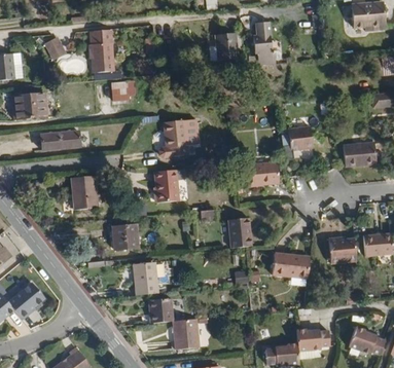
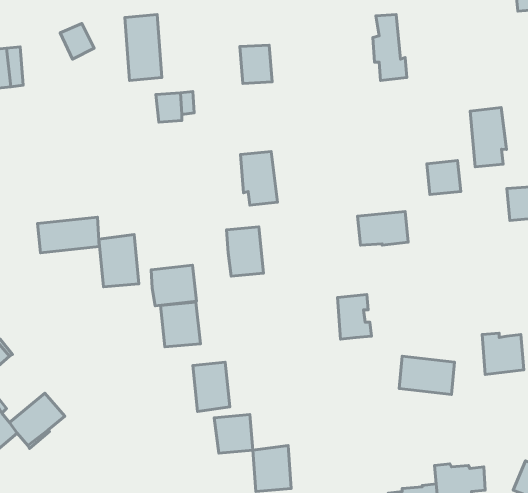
building: [214,42,236,68] -> [240,45,272,84]
building: [8,89,43,117] -> none
building: none -> [470,108,506,167]
building: [39,128,80,152] -> [38,217,99,253]
building: none -> [151,265,196,306]

